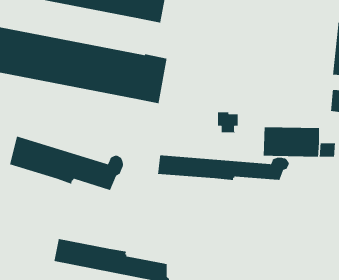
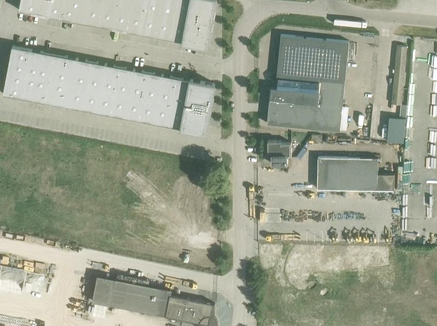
building: none -> [266,35,348,132]
building: [9,135,124,191] -> none
building: [157,155,290,181] -> none

